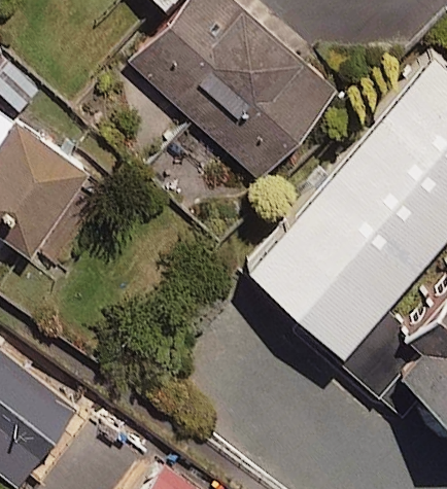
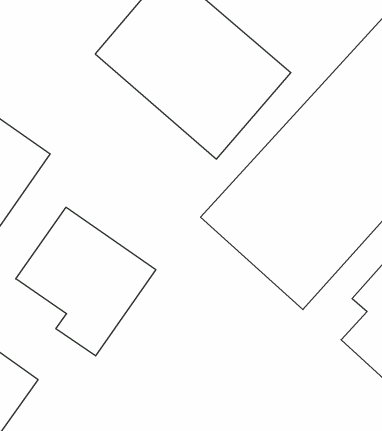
building: none -> [16,207,156,356]

